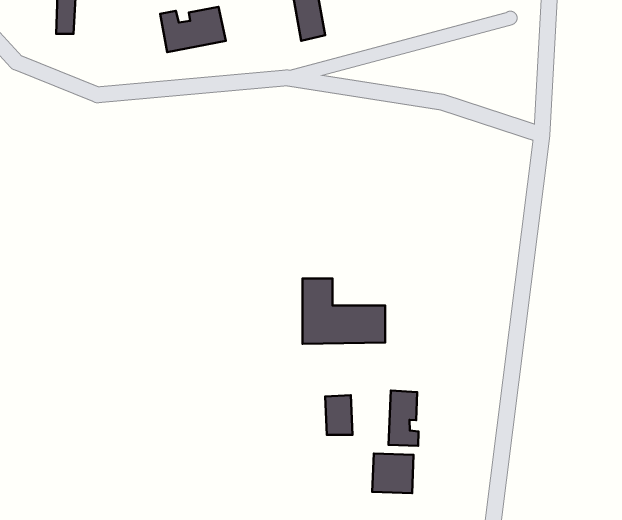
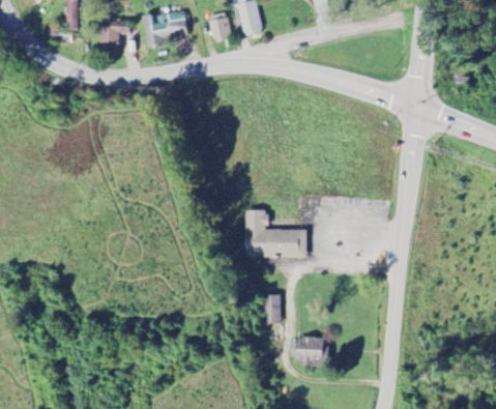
building: none -> [210,12,231,40]
building: none -> [98,26,118,51]
building: [388,391,419,446] -> none

